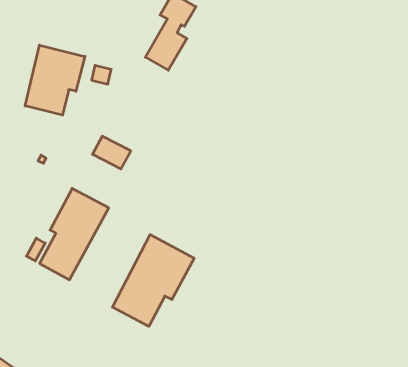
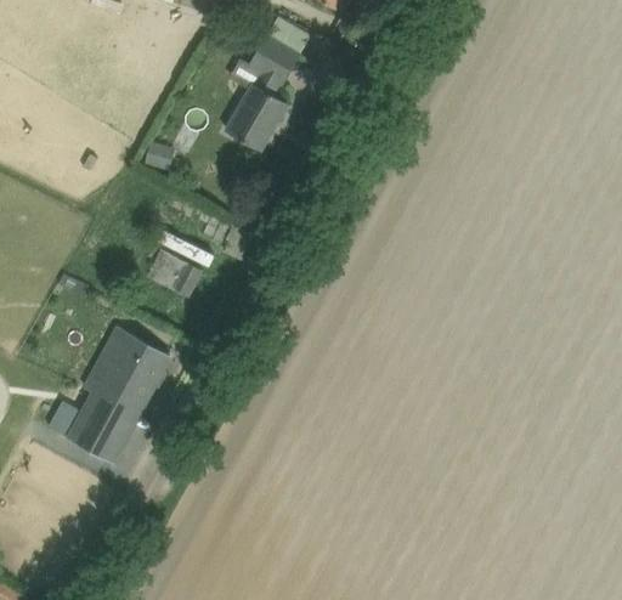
building: [25,45,85,115] -> none
building: [112,235,194,326] -> none

